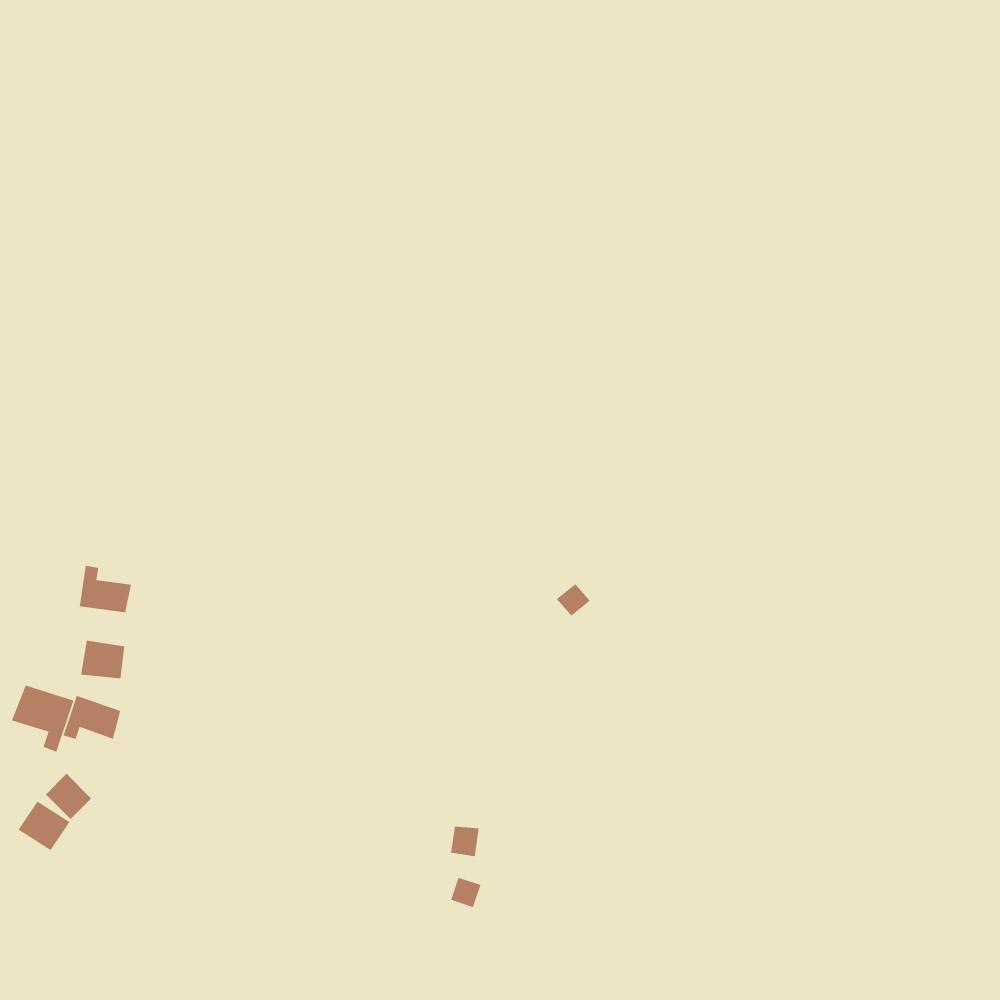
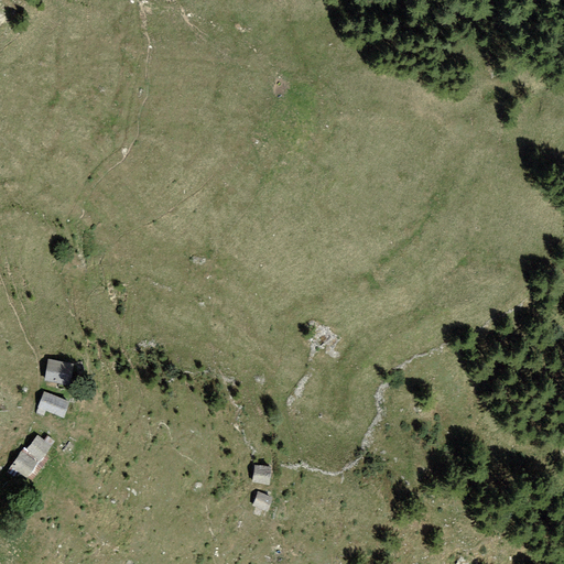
building: [79,565,132,613] -> none
building: [11,685,74,753] -> none

